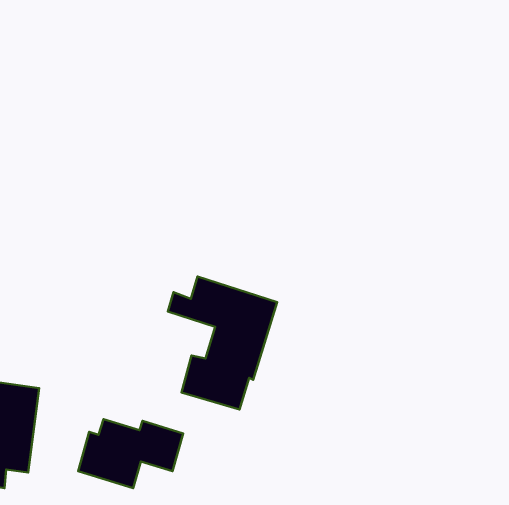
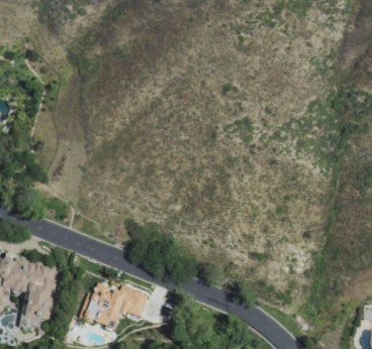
building: [168,277,277,410] -> none

